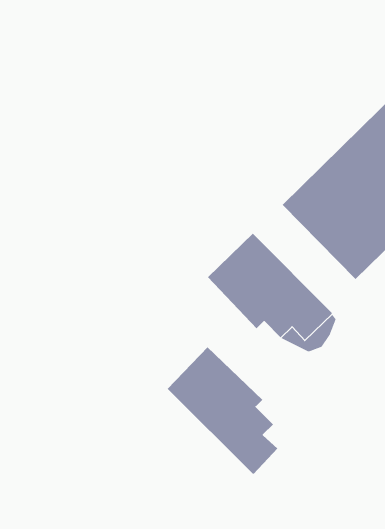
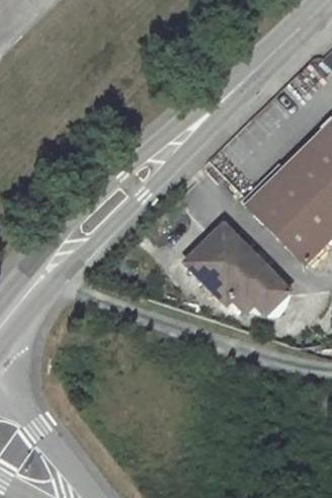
building: [167,347,278,474] -> none

